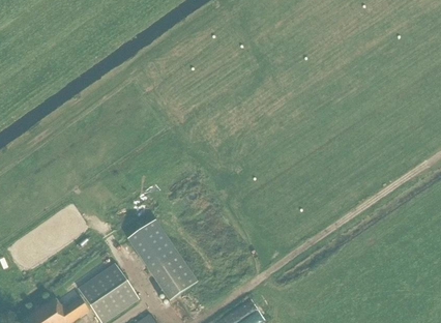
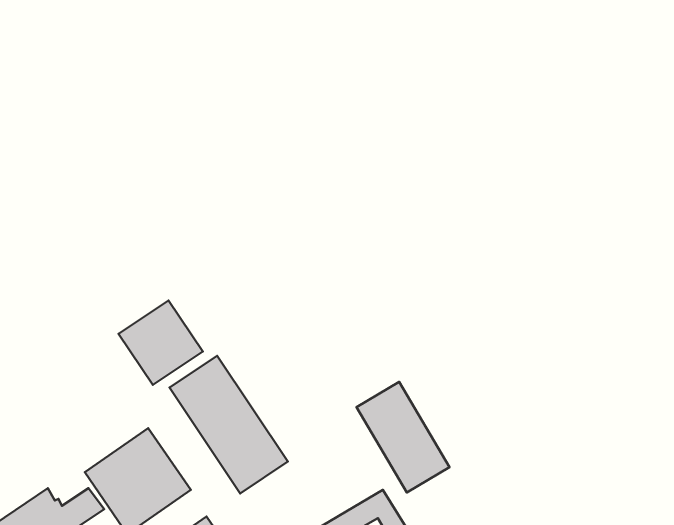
building: none -> [118,300,203,385]
building: none -> [356,382,450,492]

